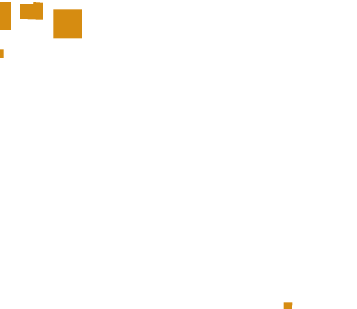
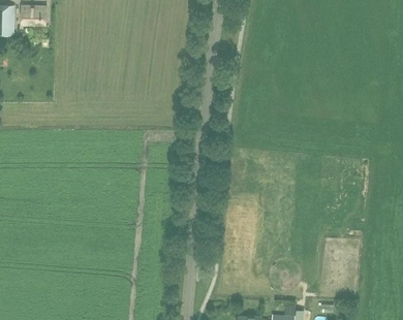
building: [53,9,83,39] -> none

